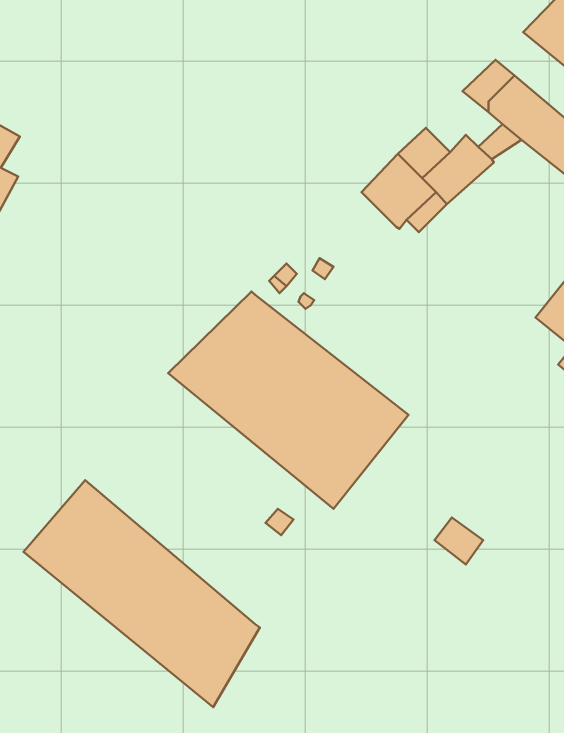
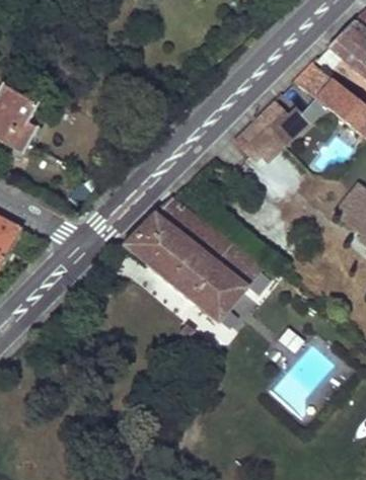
building: [24,480,260,707] -> none

